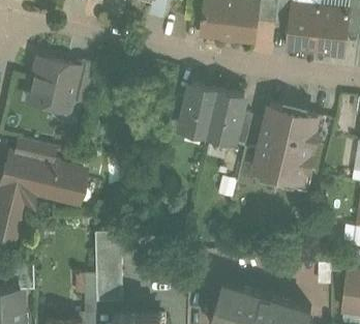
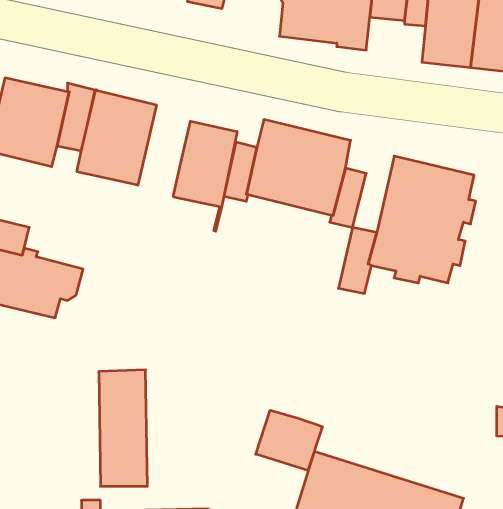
building: none -> [77,90,156,185]
building: none -> [173,121,237,231]
building: none -> [256,410,322,471]

